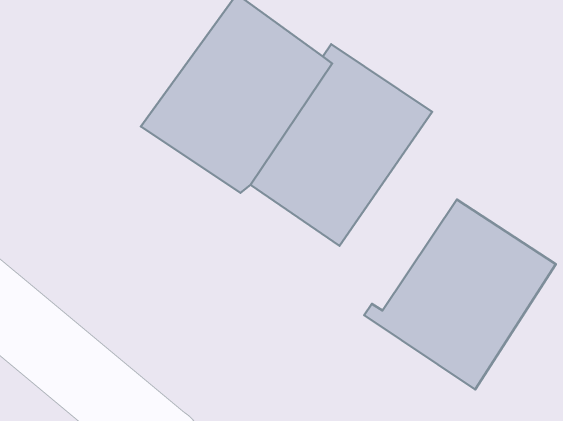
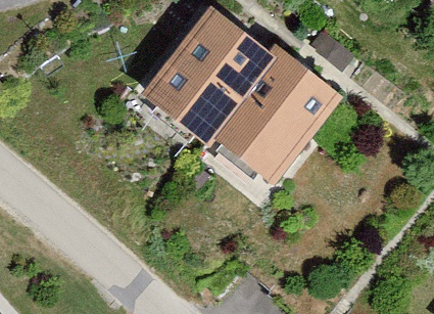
building: [364,200,556,390] -> none

